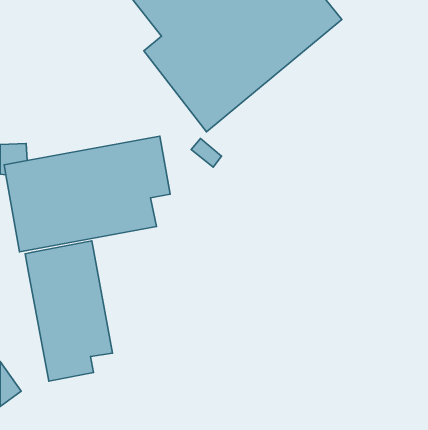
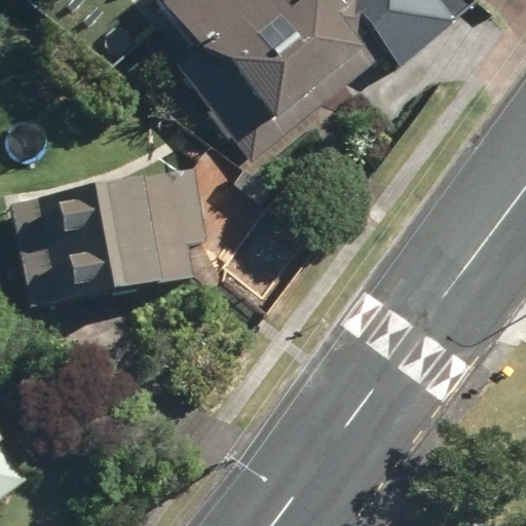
building: [25,241,113,381] -> none

